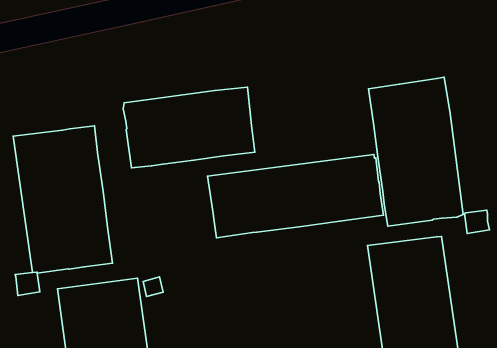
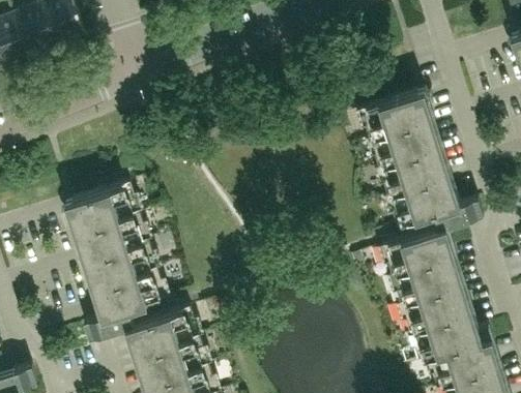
building: [123,87,255,168] -> none
building: [208,155,383,238] -> none

